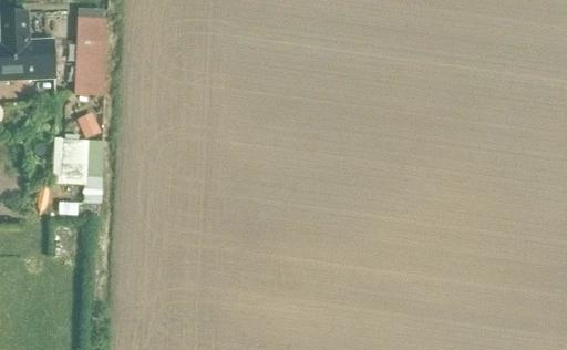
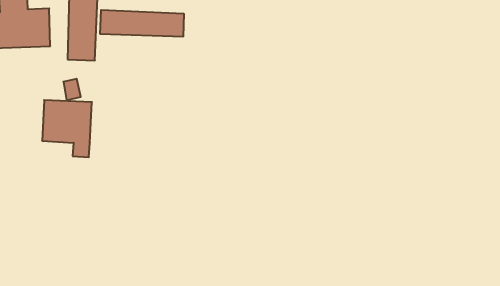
building: none -> [100,10,184,37]

